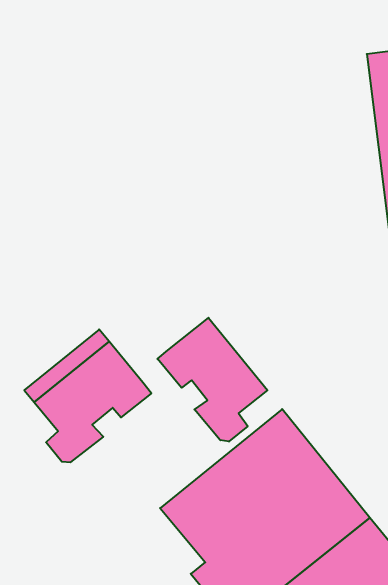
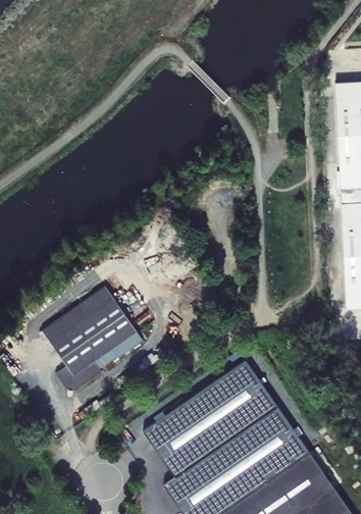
building: [157,318,267,442] -> none

